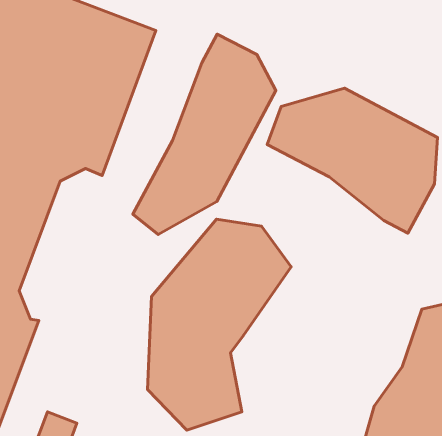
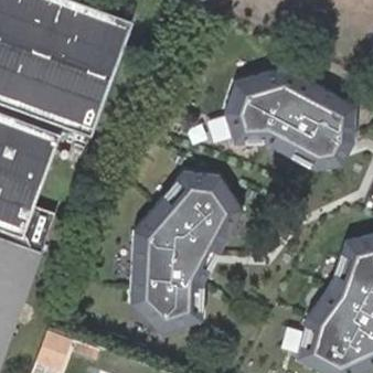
building: [133,34,276,235] -> none

